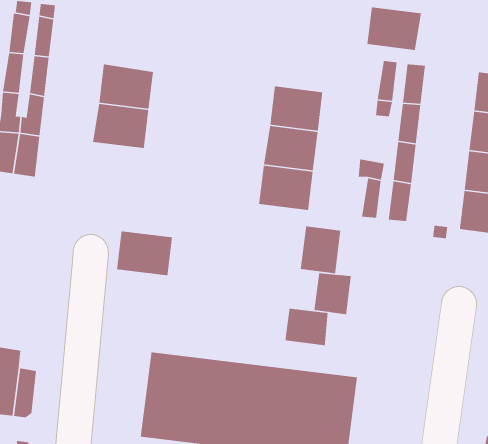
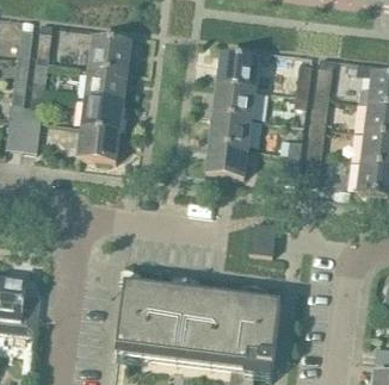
building: [366,6,422,51] -> [217,54,259,87]
building: none -> [88,36,131,72]
building: [300,225,341,274] -> none
building: [116,230,173,276] -> [76,125,119,160]
building: [284,308,329,346] -> none

